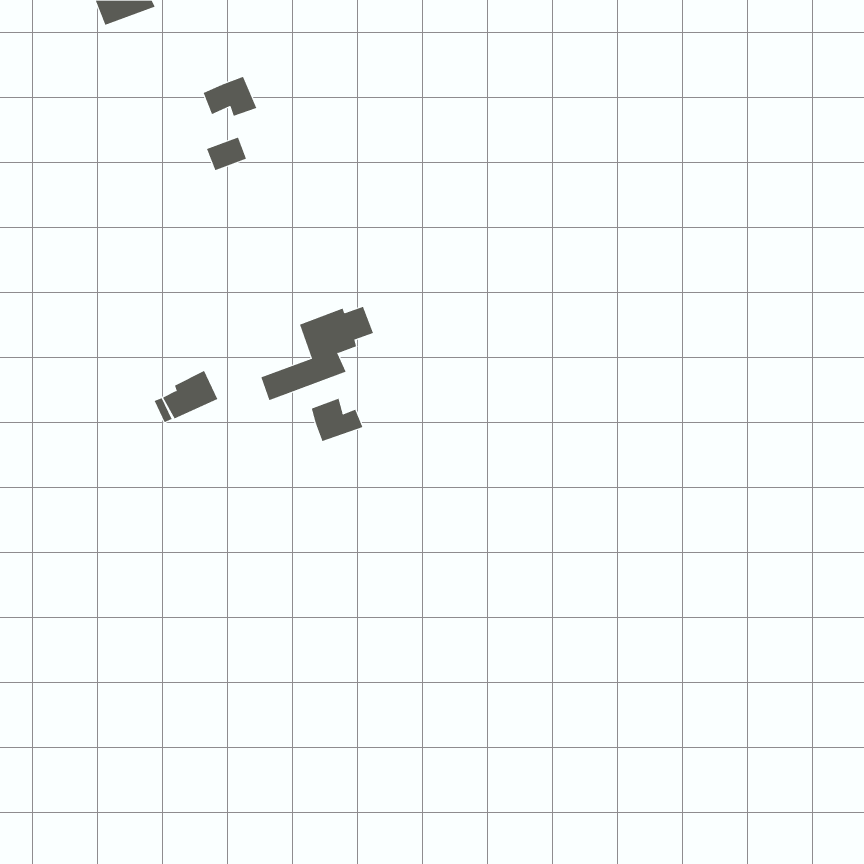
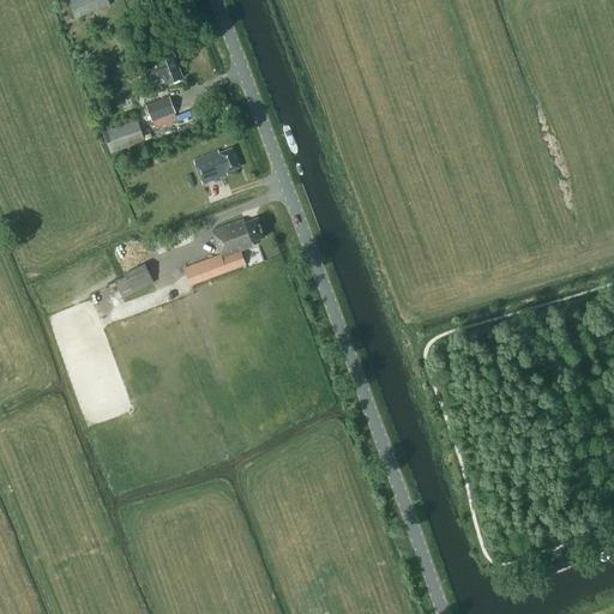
building: none -> [103,120,145,152]
building: none -> [193,149,239,183]
building: [311,398,363,442] -> none

